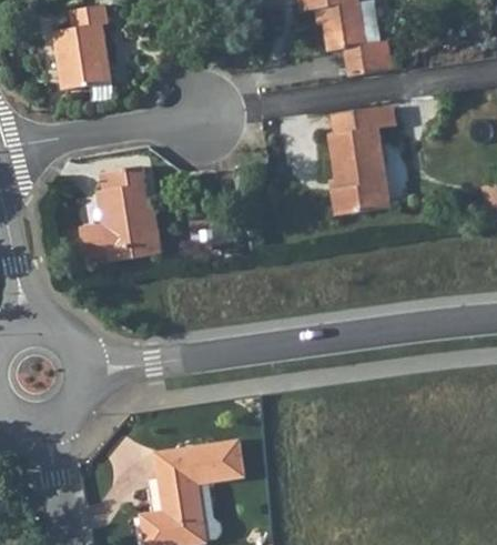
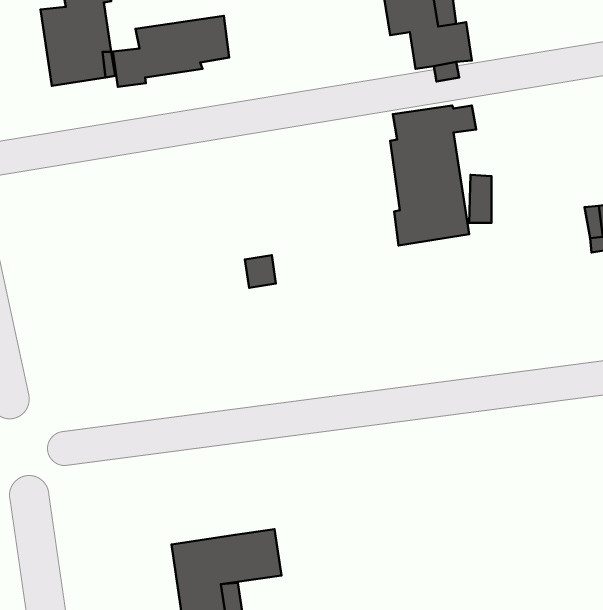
building: none -> [113,16,229,87]
building: [79,166,161,262] -> none

